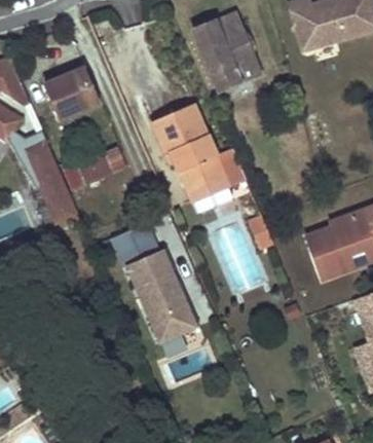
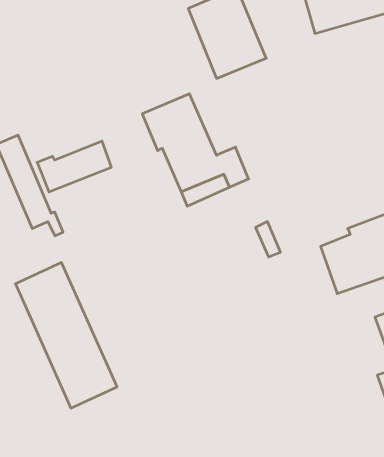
building: [45,69,96,117] -> none
building: [109,221,197,347] -> [15,263,117,408]

